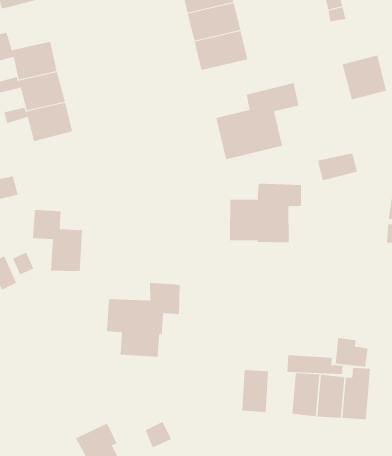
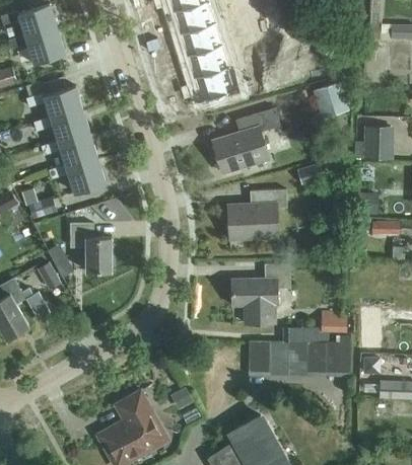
building: none -> [48,158,106,192]
building: [106,283,181,357] -> [231,263,290,323]
building: none -> [268,341,289,375]

